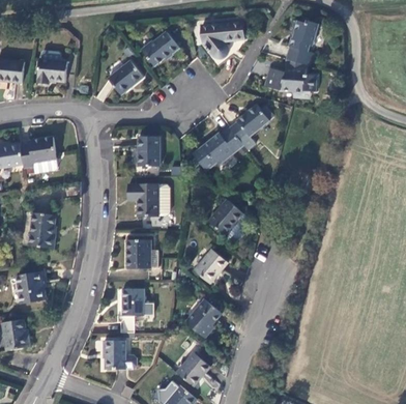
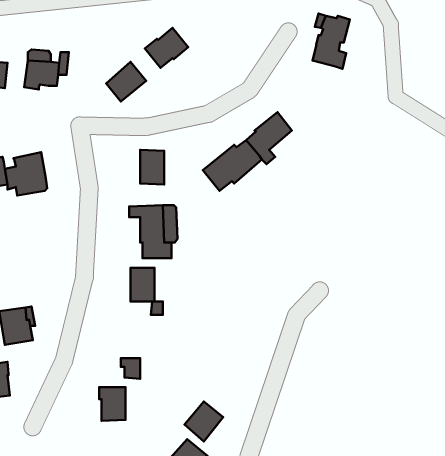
building: [202,24,242,59] -> none
building: [265,59,314,93] -> none
building: [207,198,241,234] -> none
building: [29,211,56,247] -> none
building: [194,248,227,282] -> none
building: [123,288,145,315] -> none
building: [185,299,221,338] -> none

